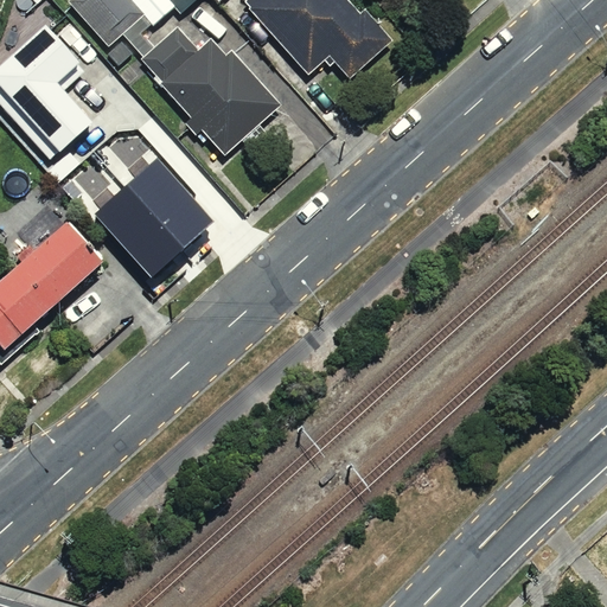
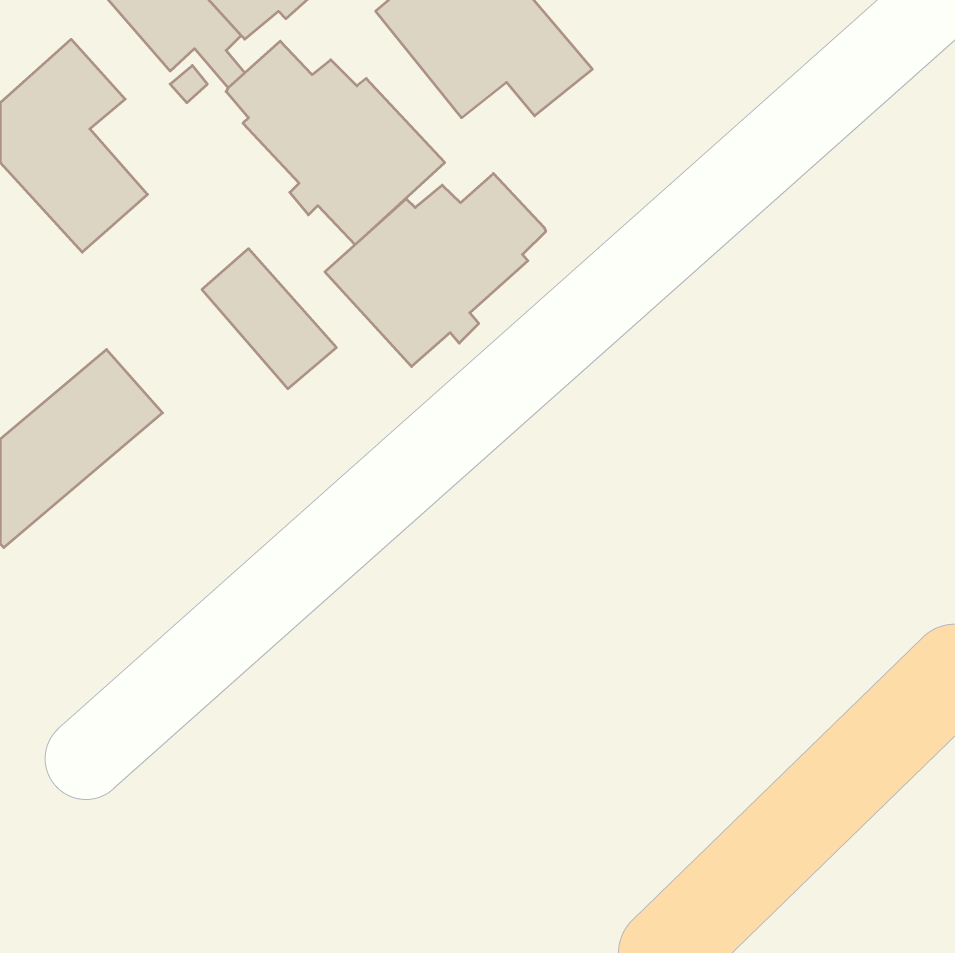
building: none -> [325,173,546,367]
building: [95,184,183,275] -> none

